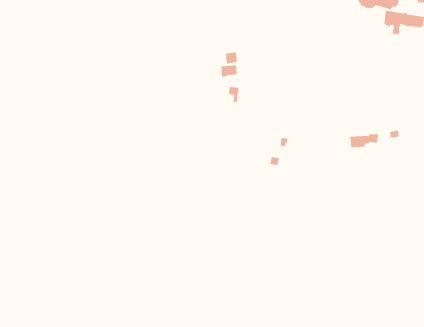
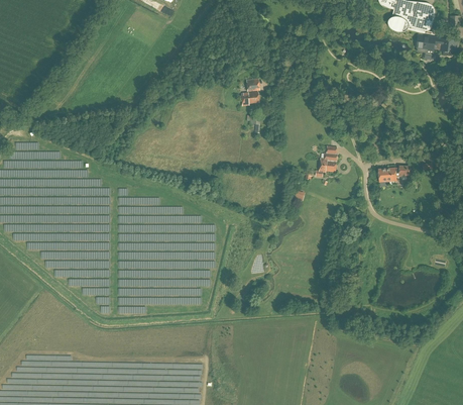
building: none -> [316,145,338,177]

